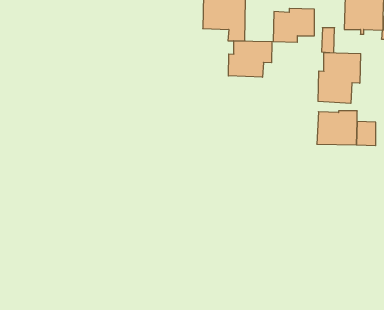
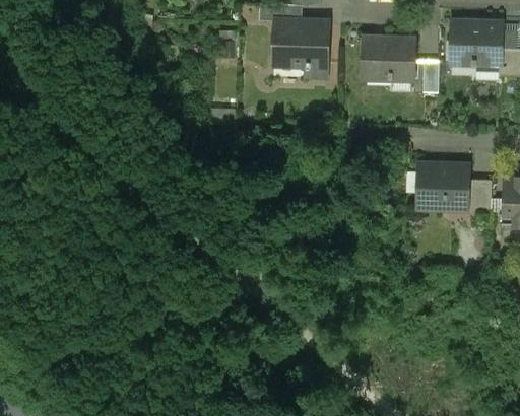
building: [228,41,272,77] -> none
building: [318,52,361,103] -> none

